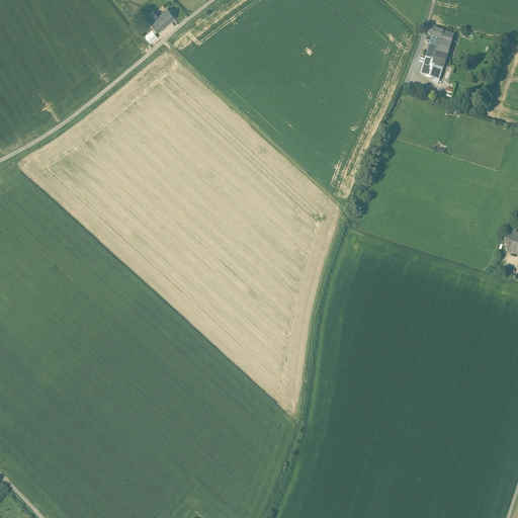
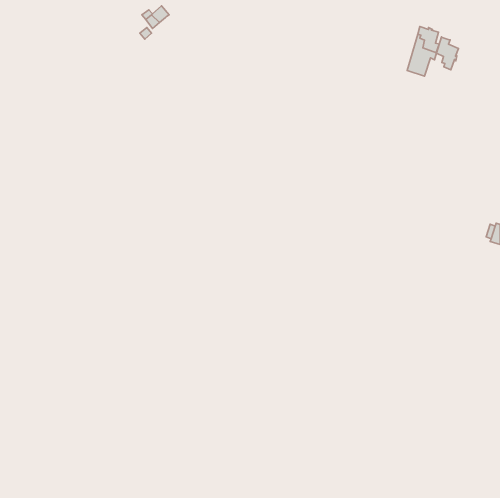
building: none -> [436,37,458,70]

